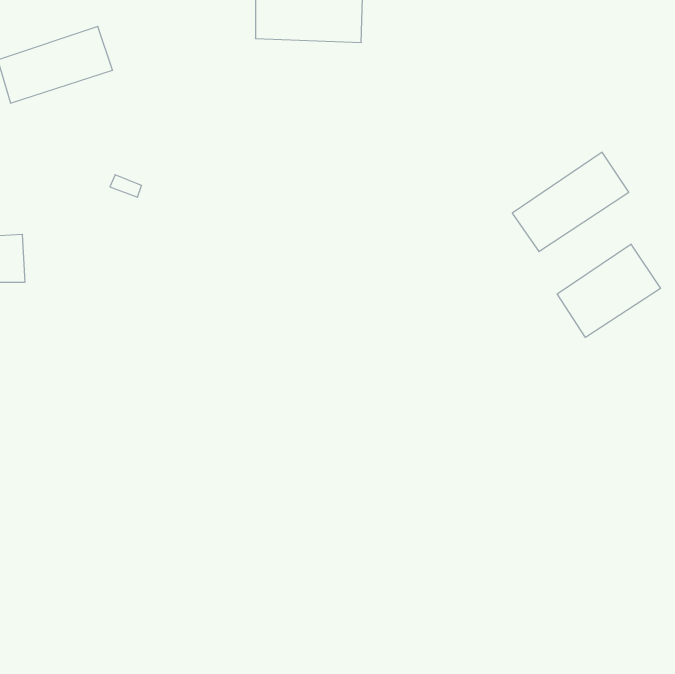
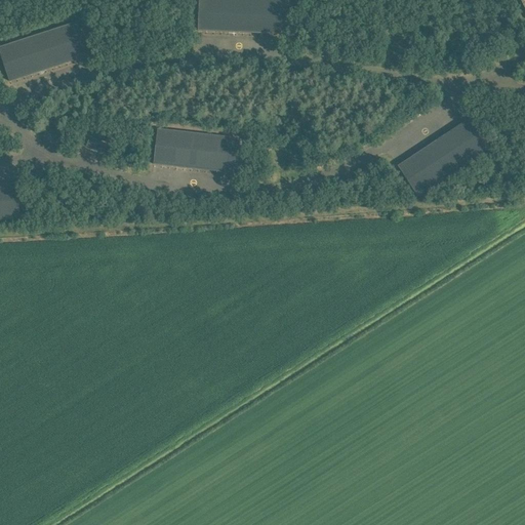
building: none -> [153,127,239,172]
building: [557,244,661,337] -> none

